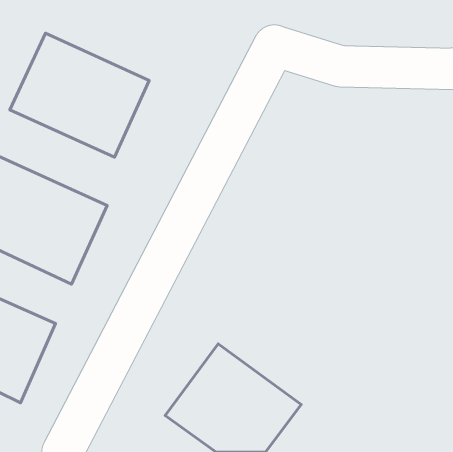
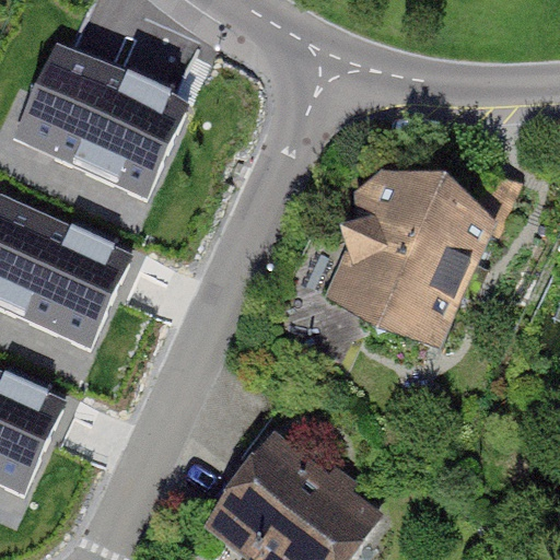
building: none -> [318,183,499,381]

